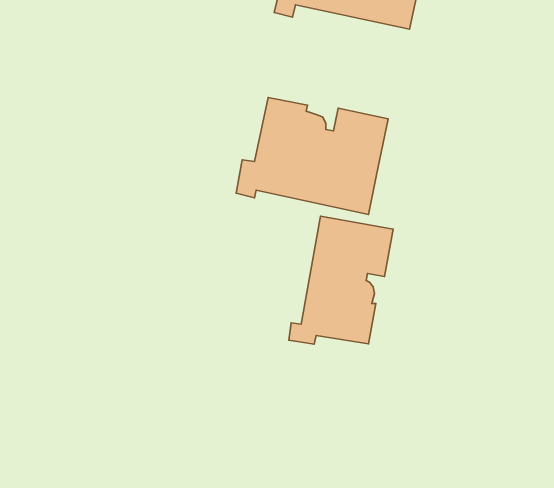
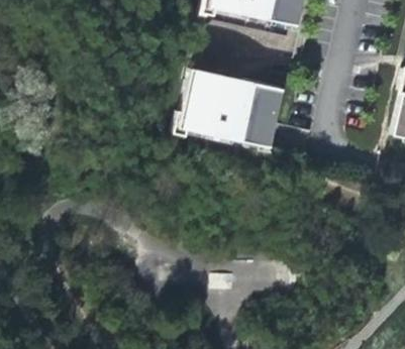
building: [289,216,393,344] -> none

